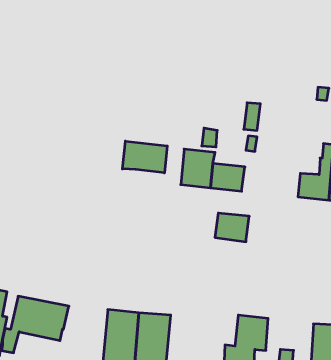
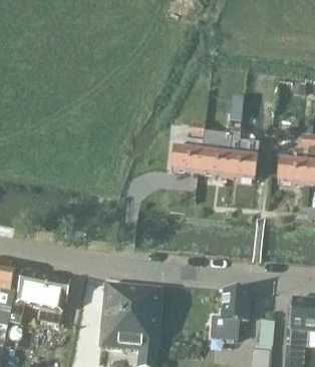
building: [122,141,167,173] -> none
building: [215,213,249,242] -> [226,153,257,179]

